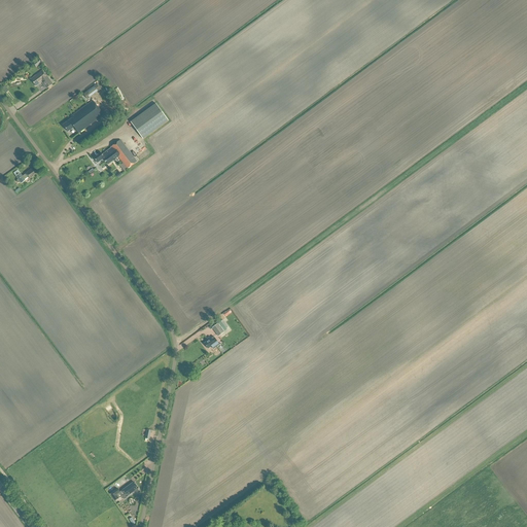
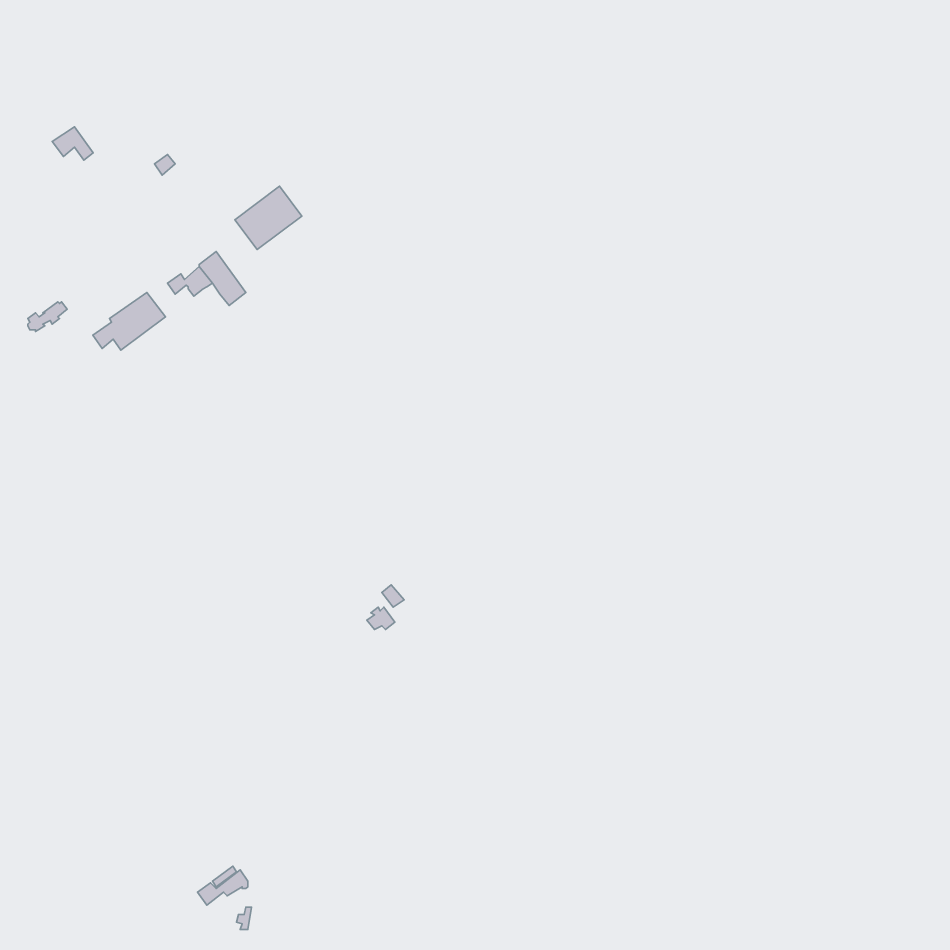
building: [62,101,102,133] -> [93,292,165,350]

